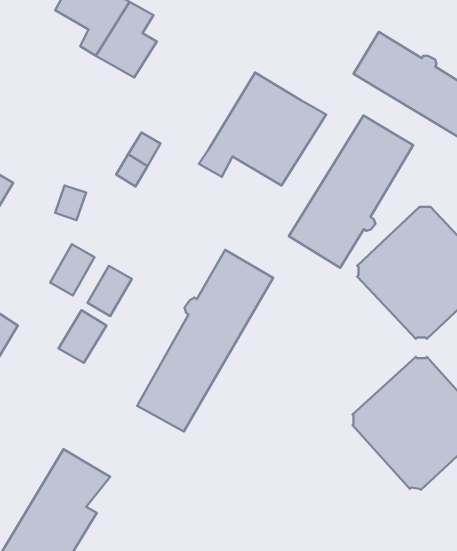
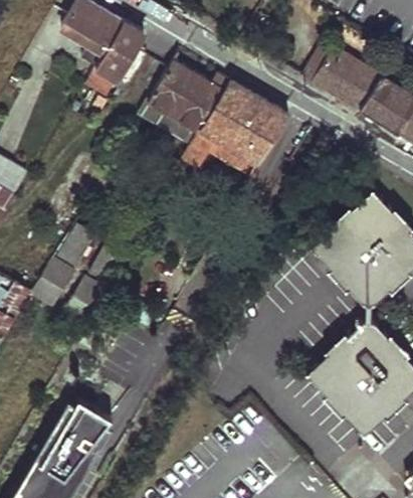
building: none -> [138,59,230,146]
building: [289,116,413,268] -> none
building: [137,250,273,431] -> none
building: none -> [31,263,73,307]

